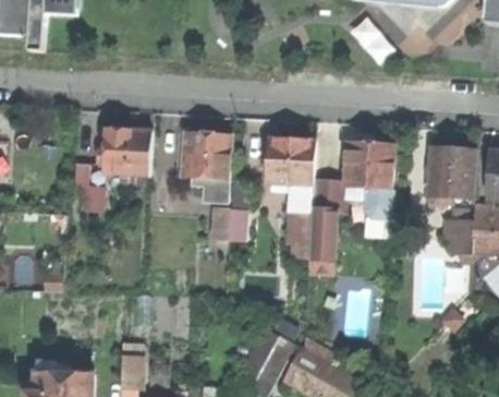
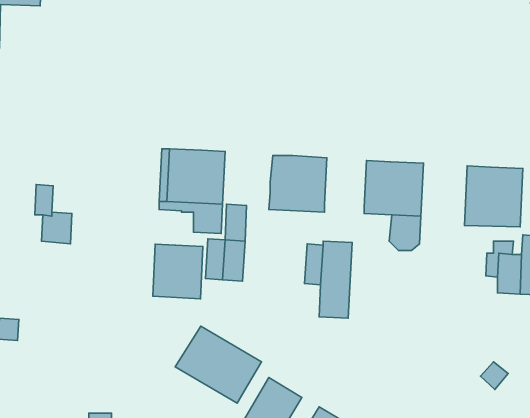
building: [104,130,151,177] -> none
building: [311,180,344,213] -> none
building: none -> [153,244,203,299]
building: none -> [175,326,261,403]

